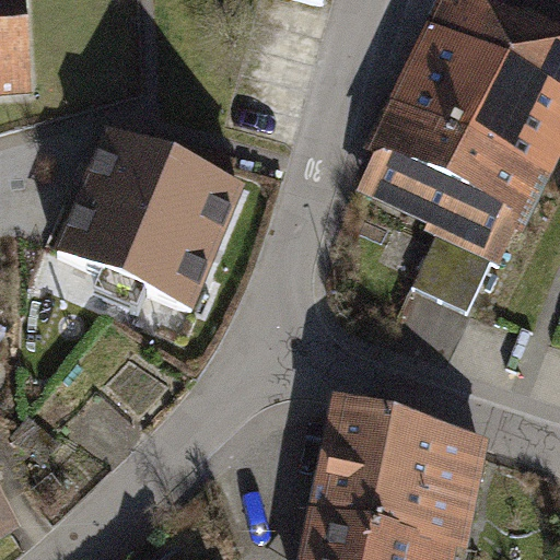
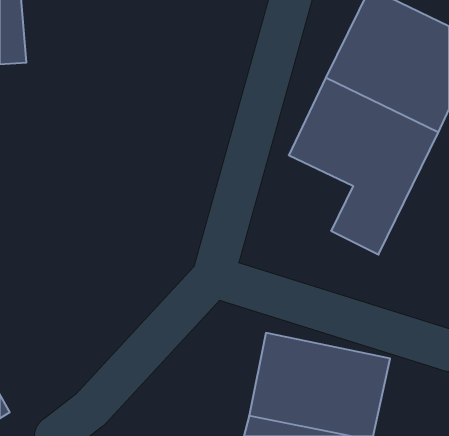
building: [59,121,245,298] -> none

